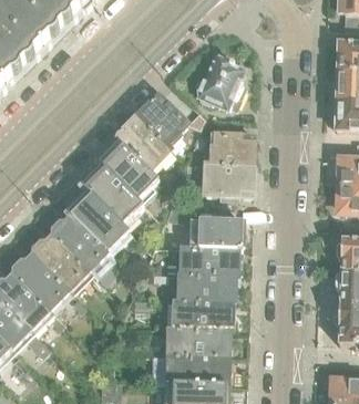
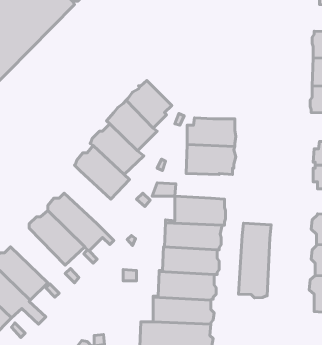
building: [195,53,244,107] -> none
building: [68,190,127,248] -> none
building: none -> [238,223,271,298]
building: [13,252,72,311] -> none

